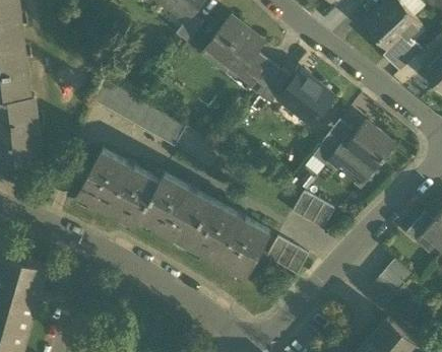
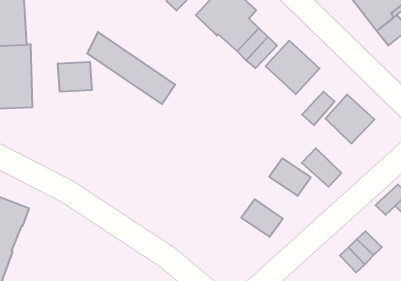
building: none -> [58,62,92,92]
building: [332,148,374,187] -> [302,148,341,187]
building: [78,149,272,276] -> none

